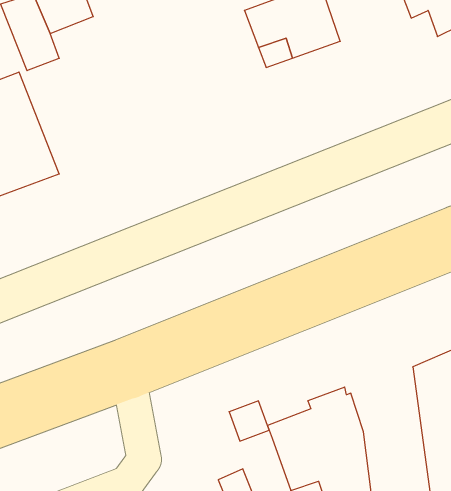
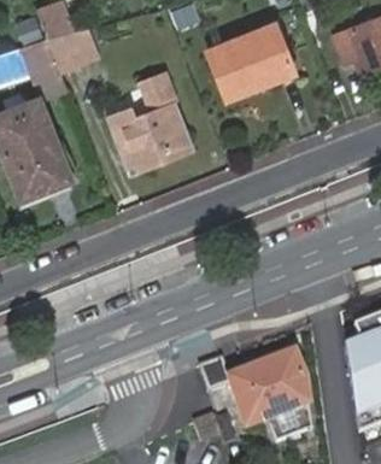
building: none -> [105,74,195,171]

